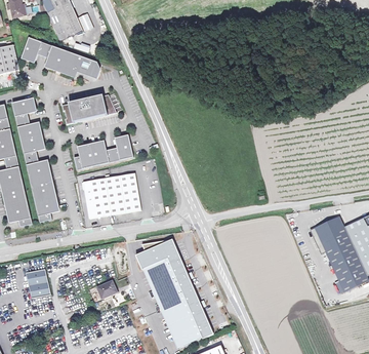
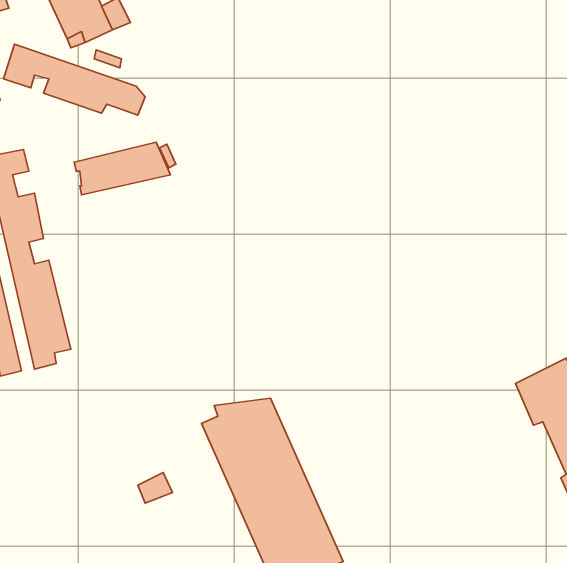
building: [73,133,132,169] -> none
building: [82,172,139,218] -> none
building: [26,269,50,305] -> none

